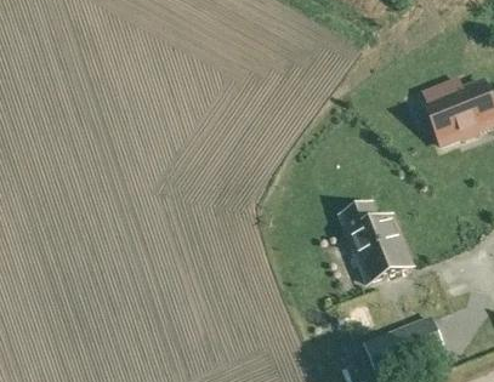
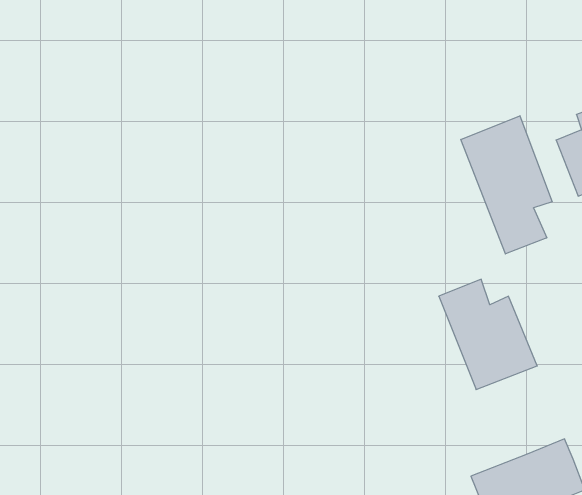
building: none -> [461,116,552,254]

